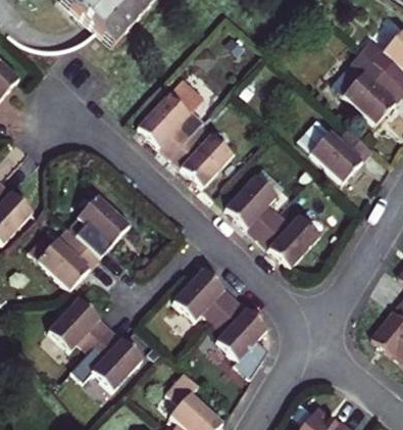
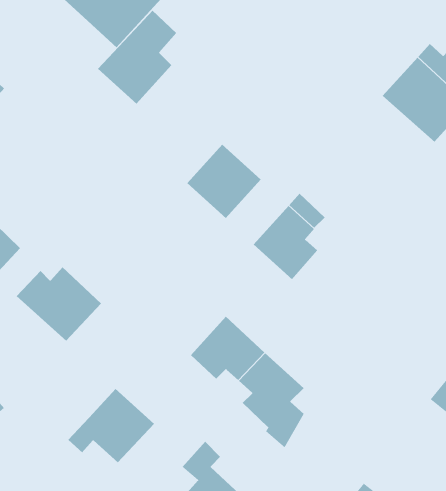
building: [138,79,204,157] -> [97,10,177,104]
building: [297,118,373,182] -> none
building: [67,194,131,257] -> none
building: [258,213,320,268] -> none
building: [49,298,111,352] -> none

